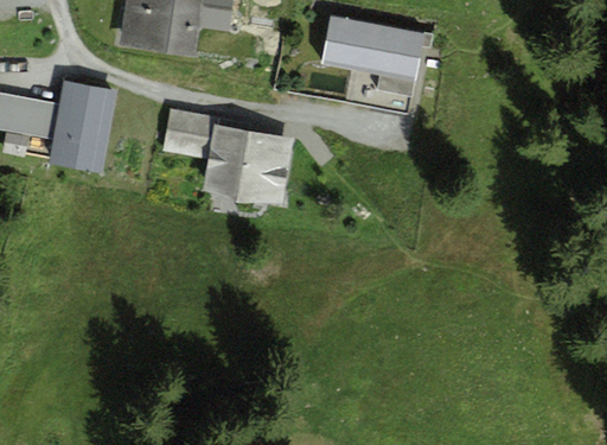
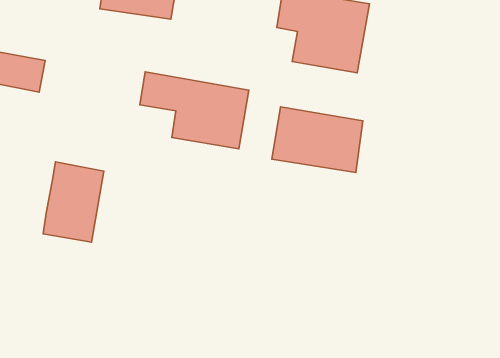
building: [46,78,116,171] -> [43,162,104,242]
building: none -> [272,107,363,173]

